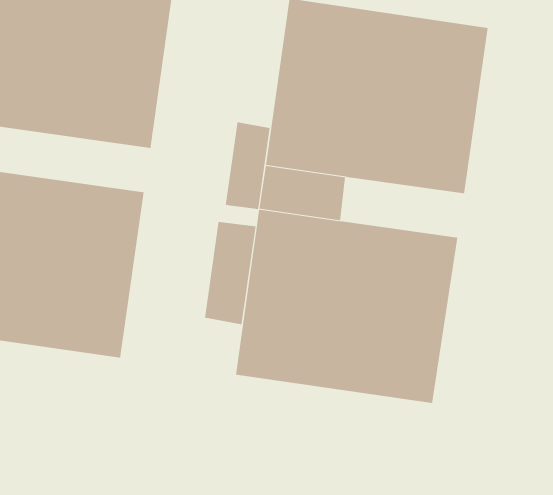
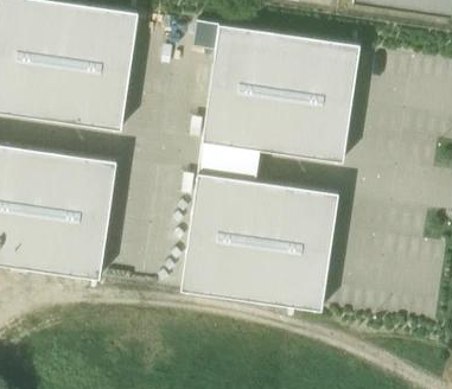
building: [225,121,270,210] -> none
building: [204,221,256,325] -> none

